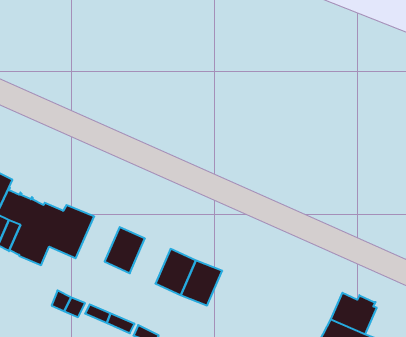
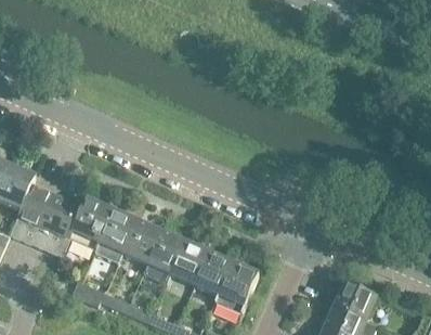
building: none -> [93,208,135,260]
building: none -> [141,229,183,281]
building: none -> [214,259,259,310]

